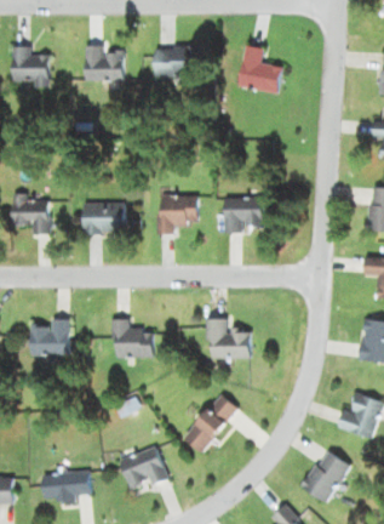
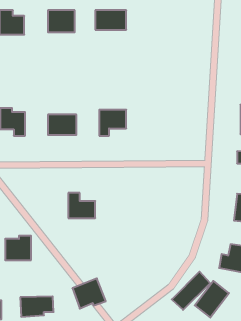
building: [236,45,282,95] -> none
building: [224,198,263,232] -> none
building: [30,319,69,355] -> [5,236,31,260]
building: [206,319,251,360] -> none
building: [182,395,239,452] -> [172,272,210,310]

